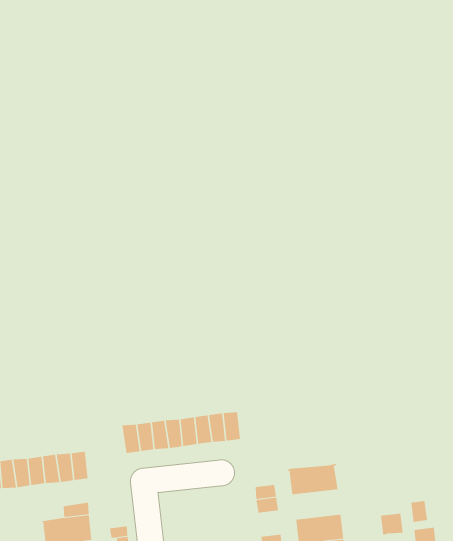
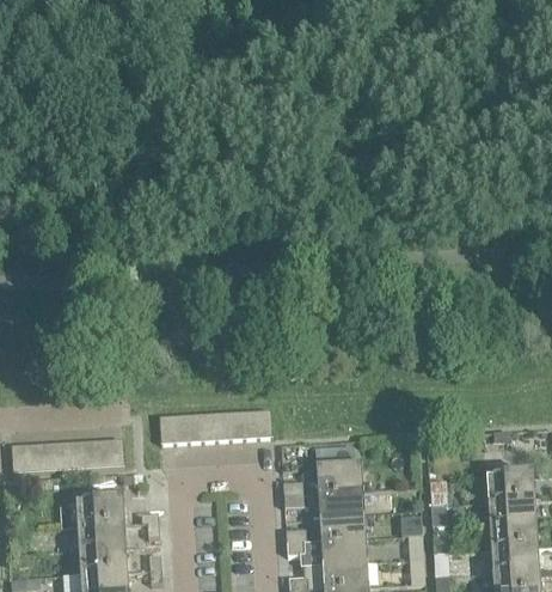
building: none -> [315,445,354,468]
building: none -> [317,490,363,517]

